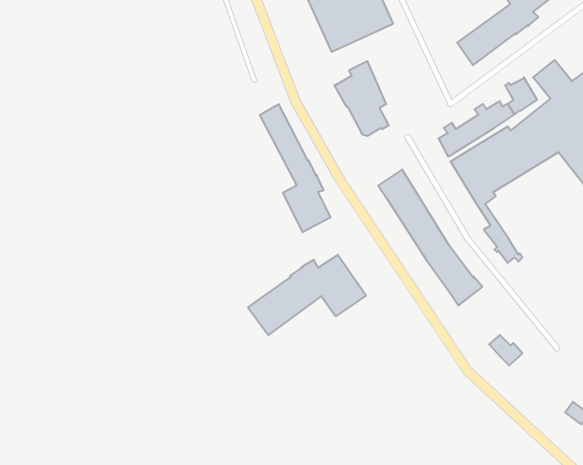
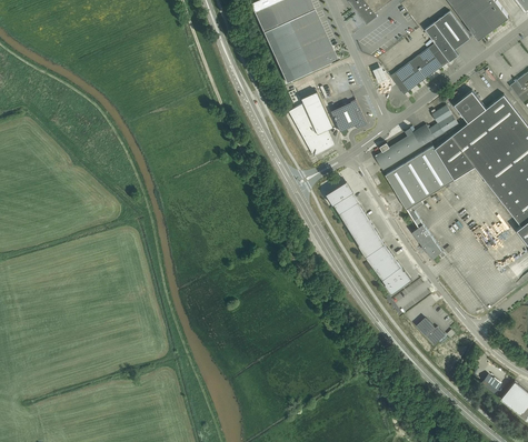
building: none -> [330,100,366,132]
building: [260,104,330,232] -> none
building: [248,255,366,335] -> none

